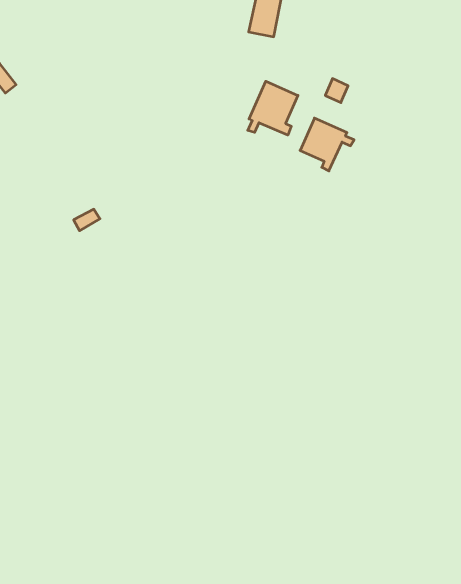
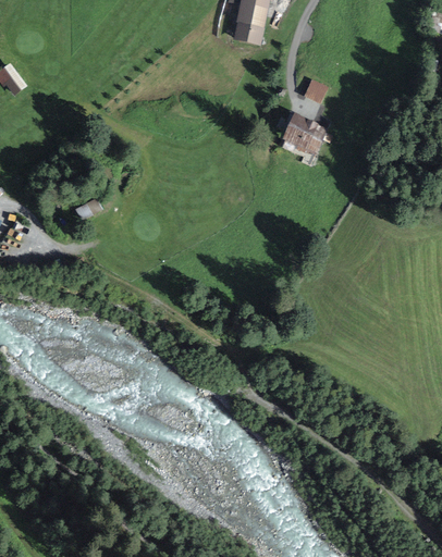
building: [248,81,298,135] -> none

